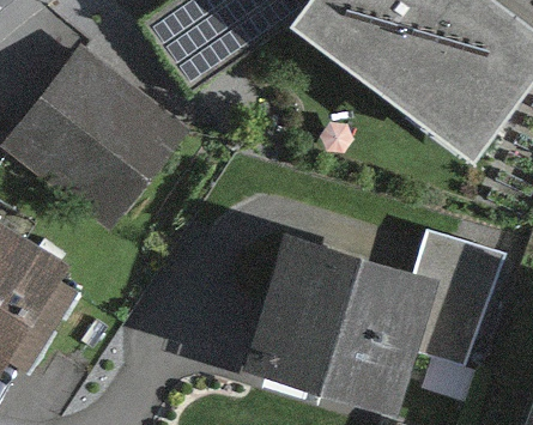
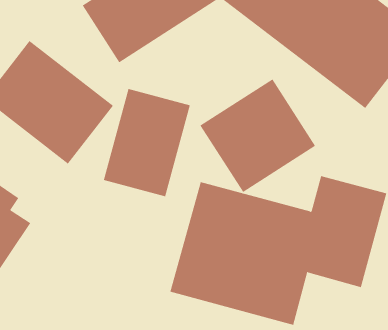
building: none -> [200,78,316,193]
building: none -> [103,88,191,197]

